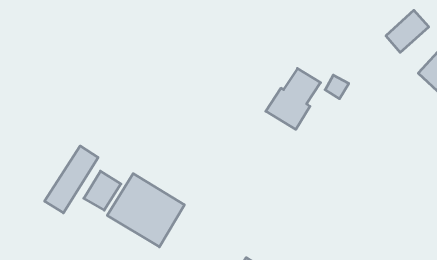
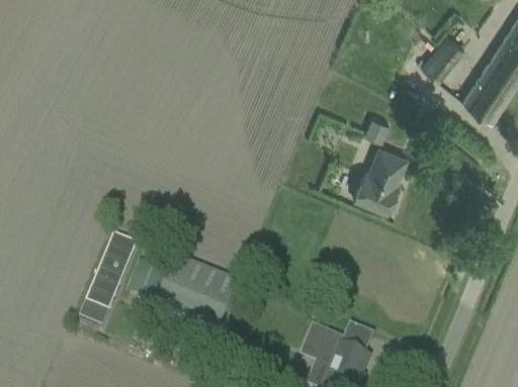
building: [266,68,321,129] -> [354,143,408,209]

